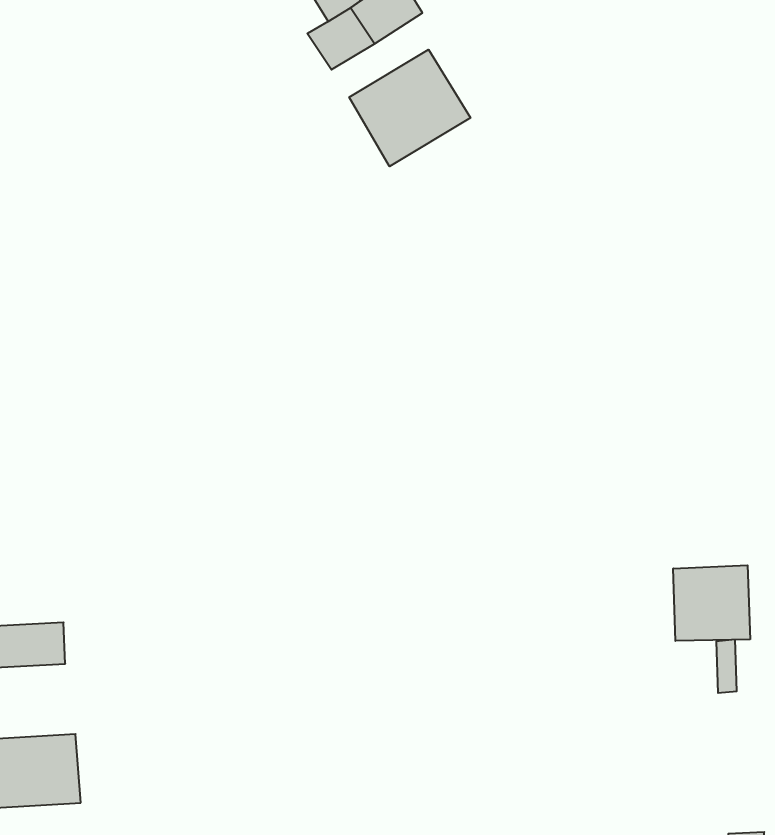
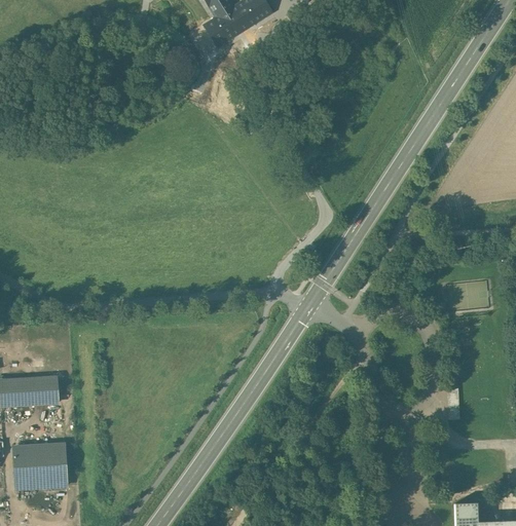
building: [349,50,470,166] -> none
building: [673,565,750,641] -> none

